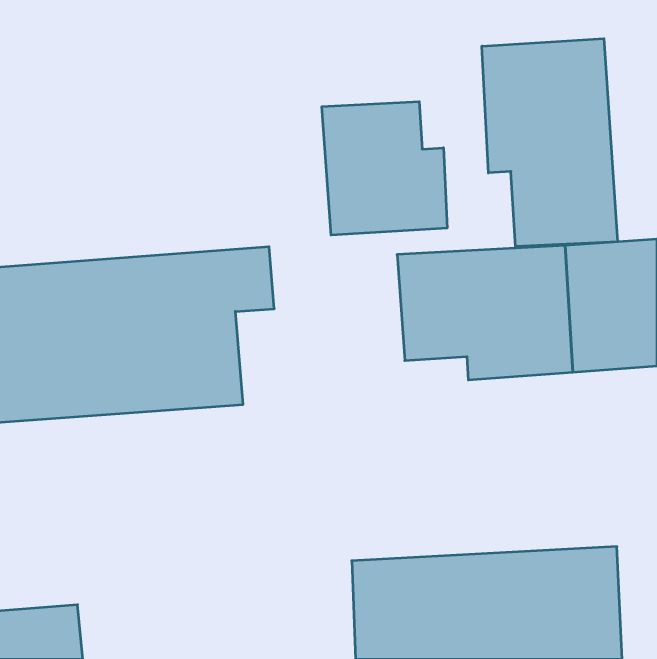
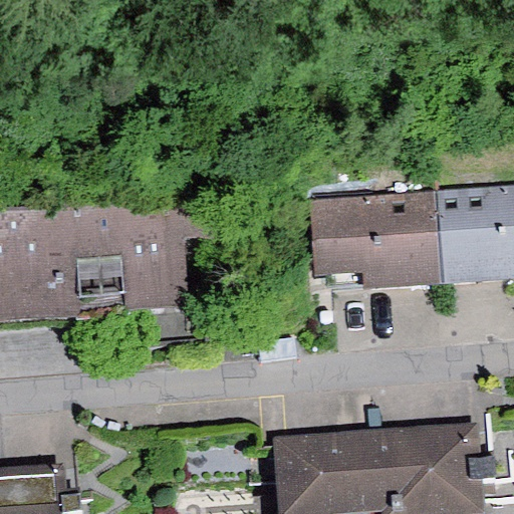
building: [482,39,618,247] -> none
building: [322,102,447,235] -> none

